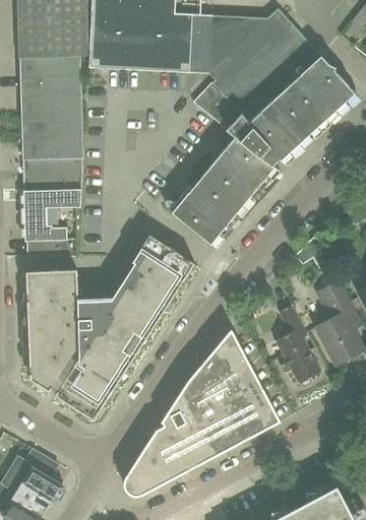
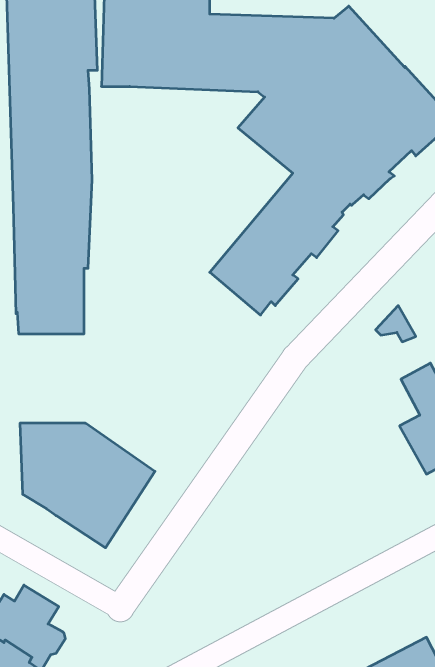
building: [25,235,193,362] -> none
building: [276,306,321,386] -> none
building: [128,329,280,495] -> none

